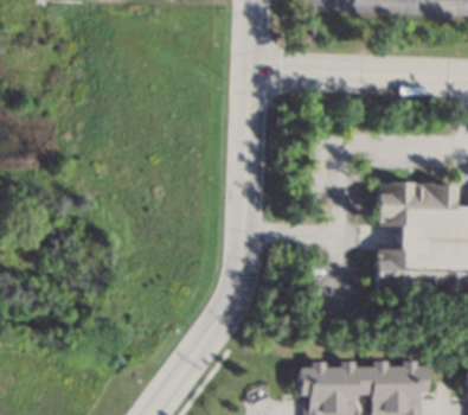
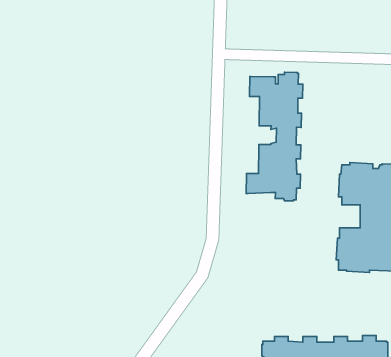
building: none -> [246,72,303,201]

